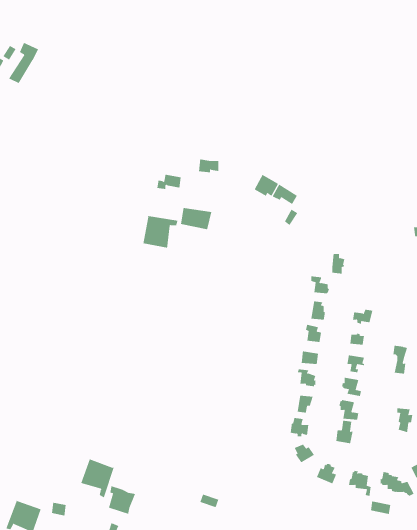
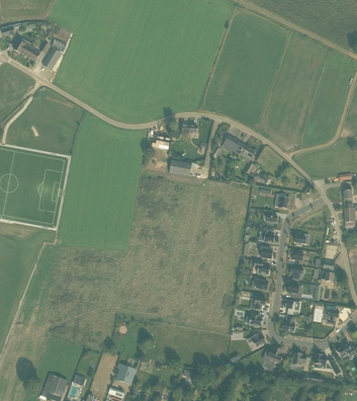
building: [143,215,178,248] -> none
building: [81,459,115,498] -> none

